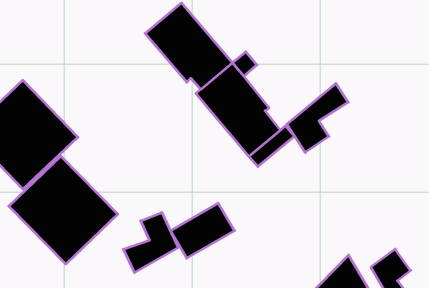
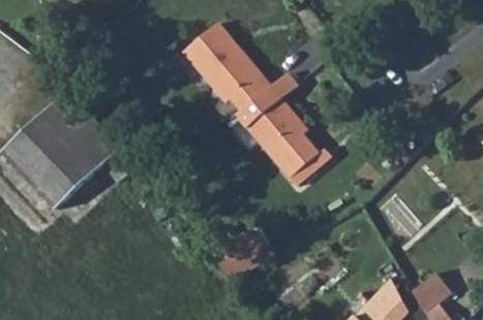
building: [287,83,348,153] -> none
building: [9,156,118,264] -> none
building: [123,212,178,273] -> none

